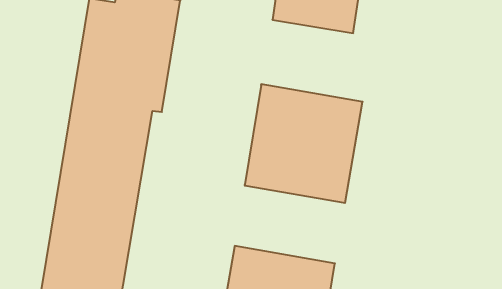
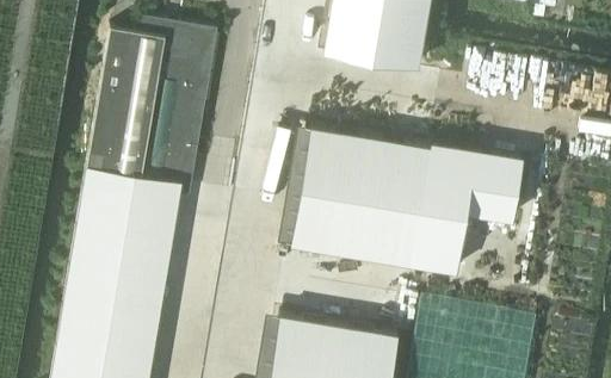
building: none -> [408,149,513,274]

